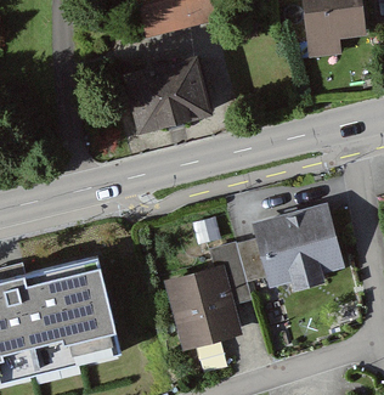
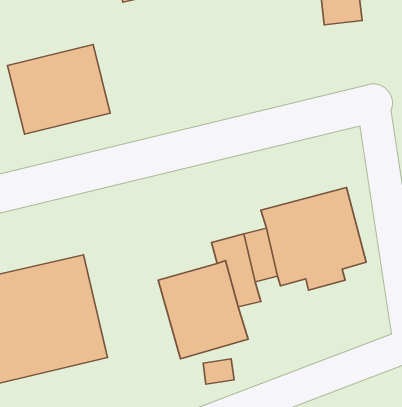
building: [124,53,213,131] -> [8,44,110,134]

